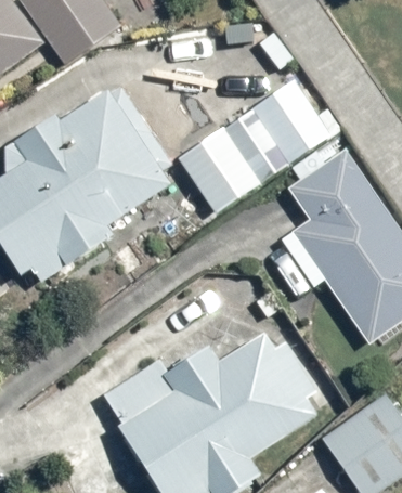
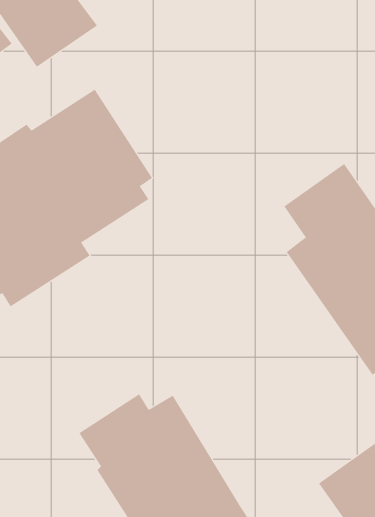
building: [179,79,332,211] -> none
building: [189,333,317,458] -> none

